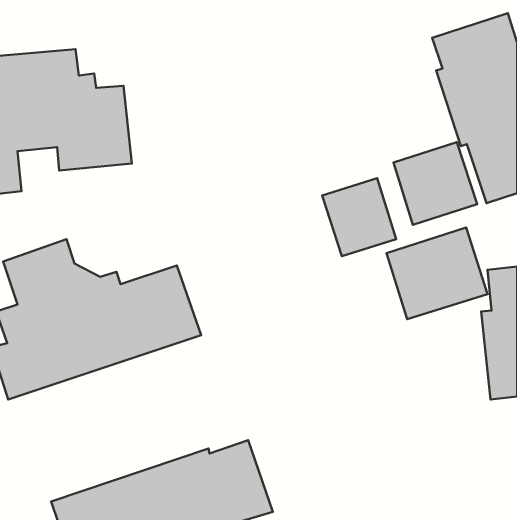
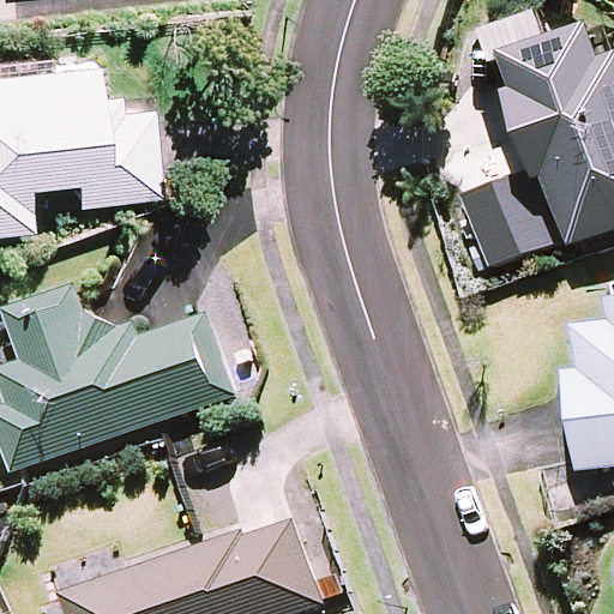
building: [322,178,396,256] -> none
building: [387,227,487,319] -> none

